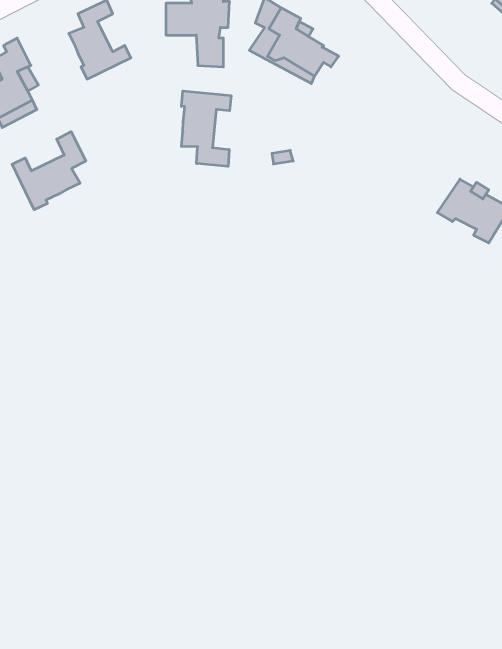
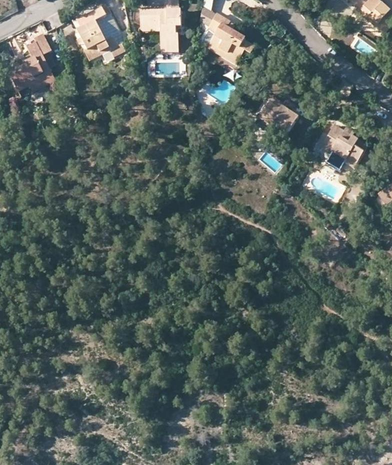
building: [181,91,231,166] -> none
building: [12,132,86,210] -> none
building: none -> [256,97,298,136]

